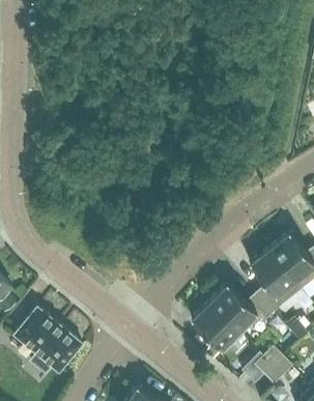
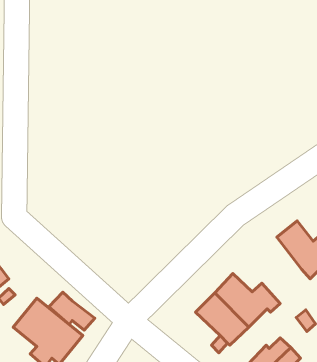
building: [249,248,302,312] -> none
building: none -> [49,292,95,330]

